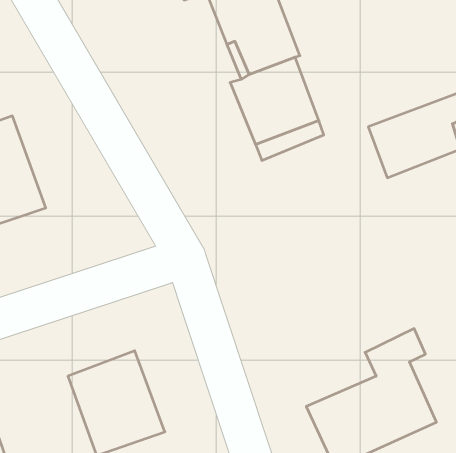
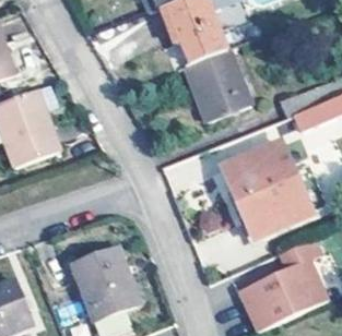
building: none -> [233,142,307,236]

